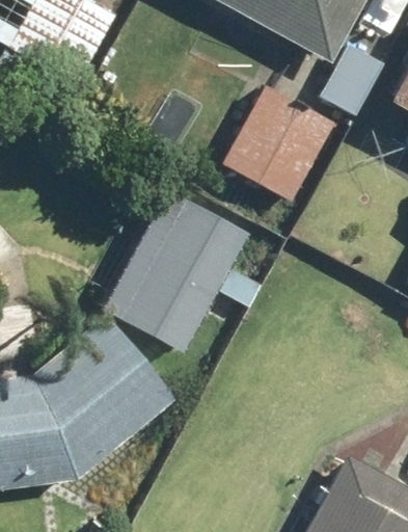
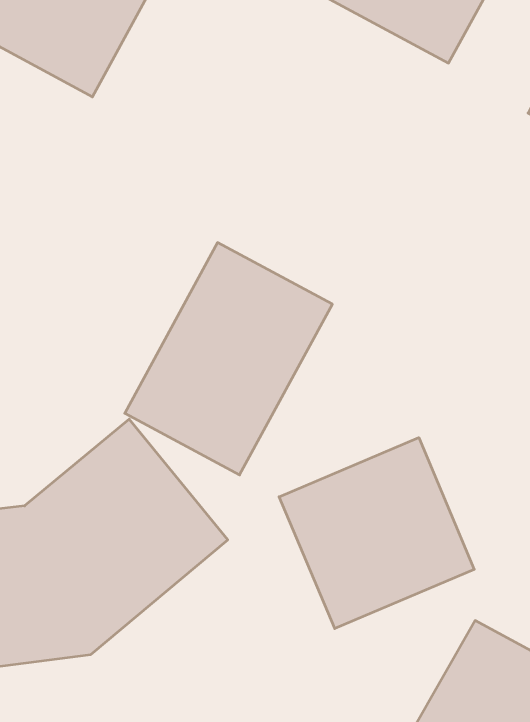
building: [224,85,336,201] -> none
building: none -> [279,438,474,629]

